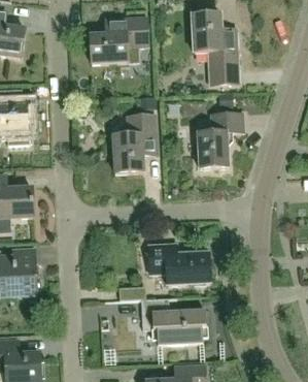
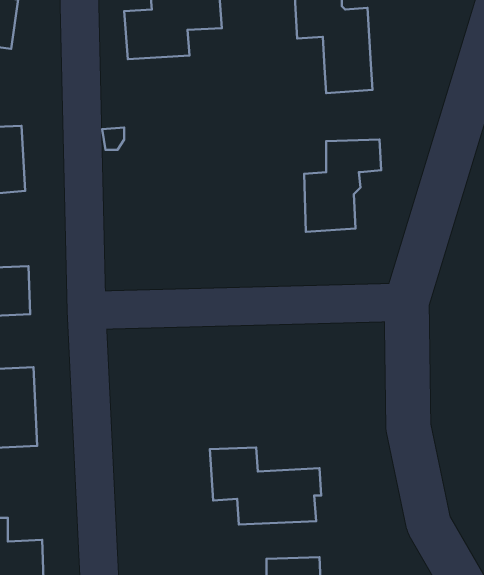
building: [112,114,157,171] -> none
building: [148,242,210,284] -> none

